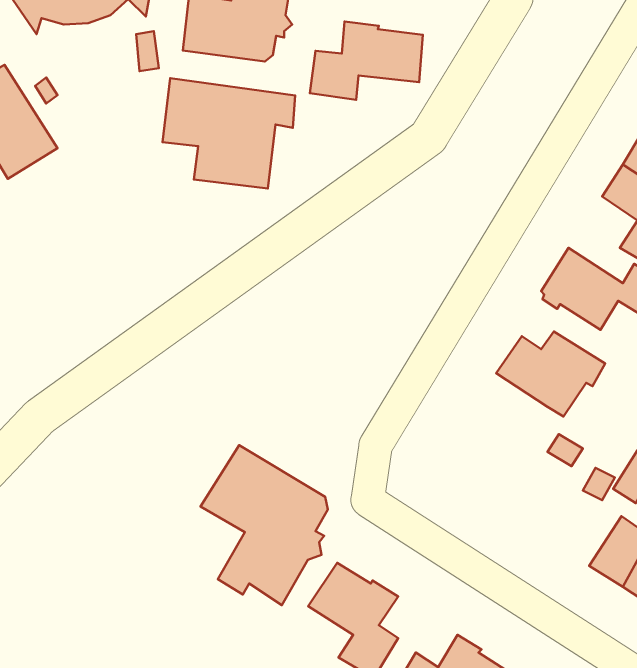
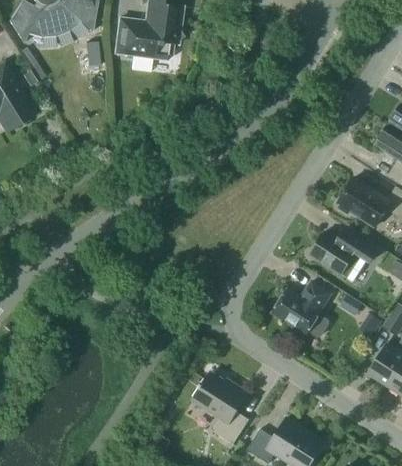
building: [310,22,423,100] -> none
building: [163,78,295,188] -> none
building: none -> [273,281,332,337]
building: [200,445,328,605] -> none

